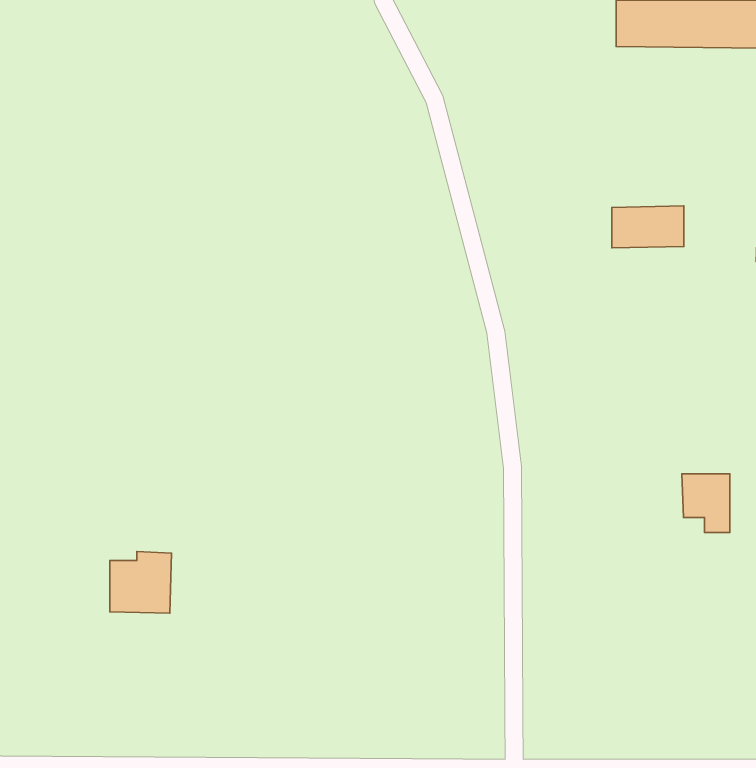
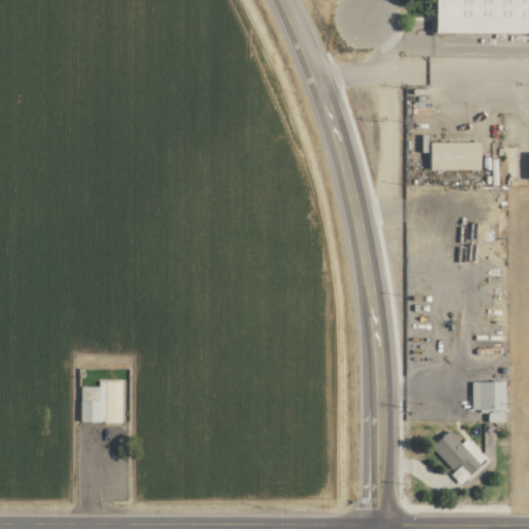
building: [682,474,730,533] -> [473,380,506,421]
building: none -> [434,430,490,483]

